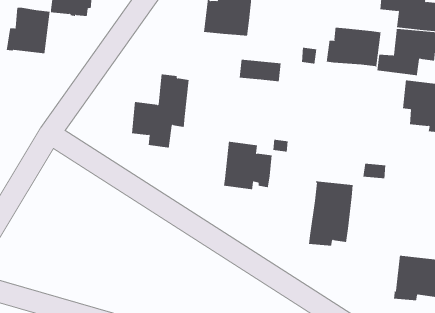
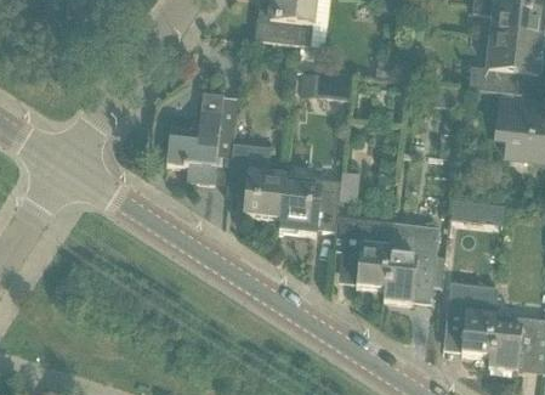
building: [6,7,50,54] -> none
building: [326,27,381,68] -> none
building: none -> [229,143,285,220]
building: none -> [334,216,393,289]
building: none -> [443,282,498,357]

